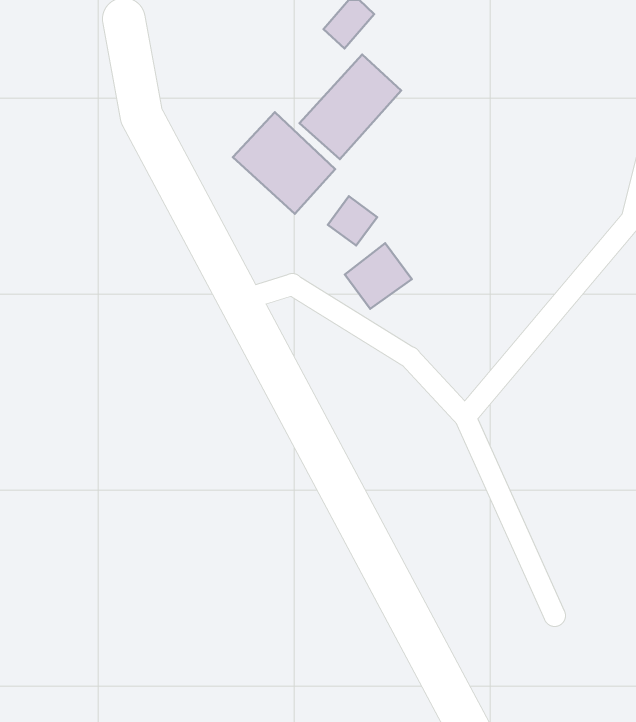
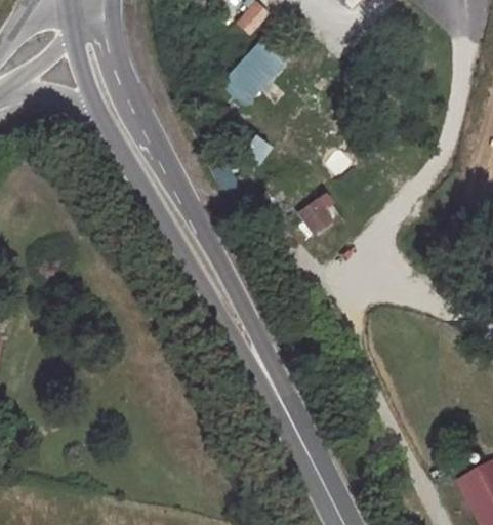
building: [233,112,335,214] -> none
building: [345,243,412,309] -> [294,192,340,237]

